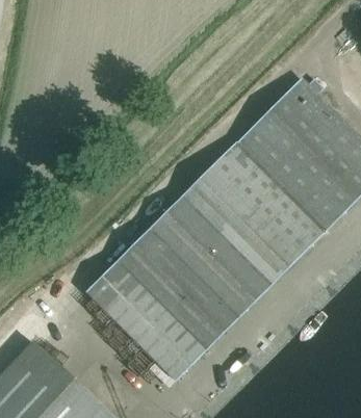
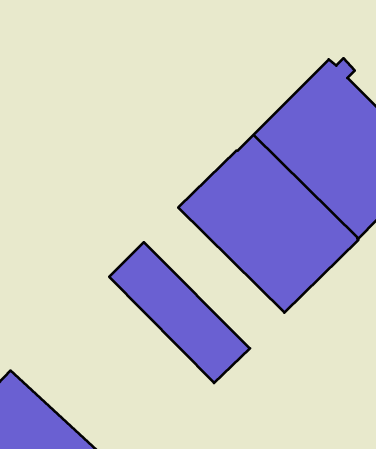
building: [145,204,263,322] -> none
building: [86,262,204,381] -> none

